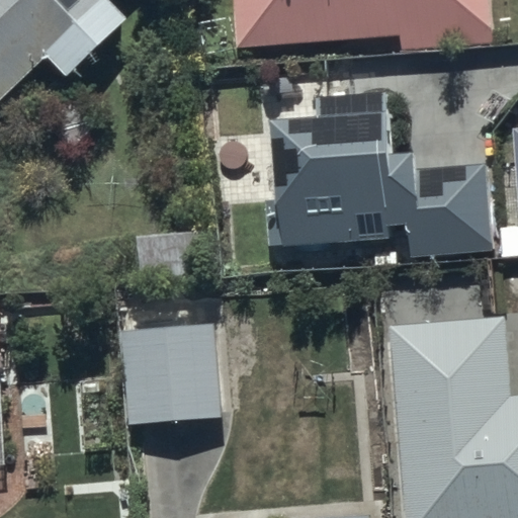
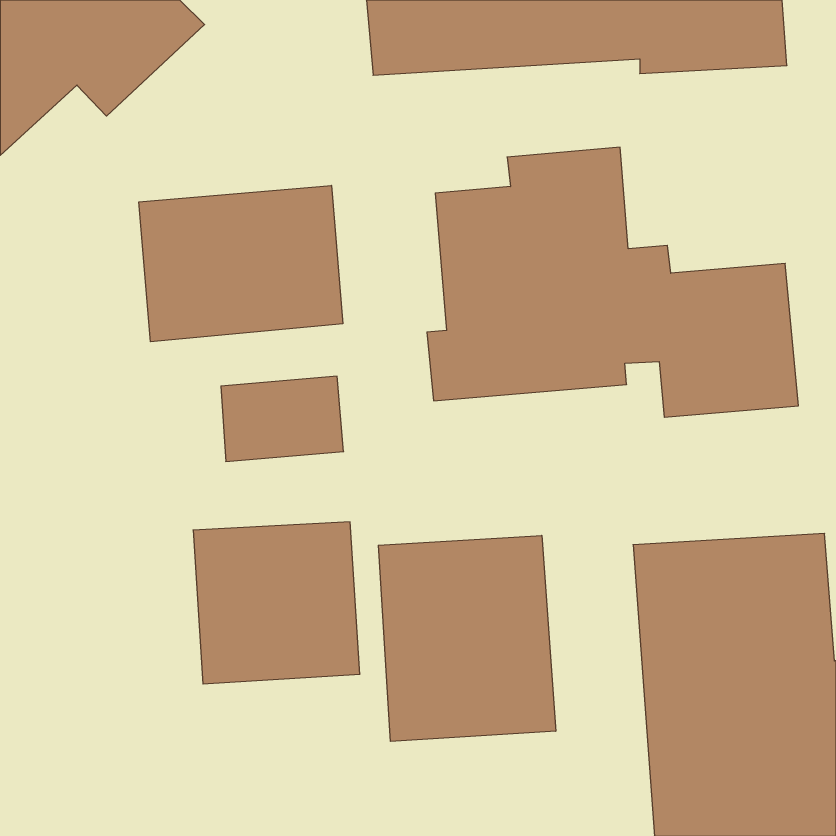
building: none -> [139,185,343,342]
building: none -> [378,535,556,741]

